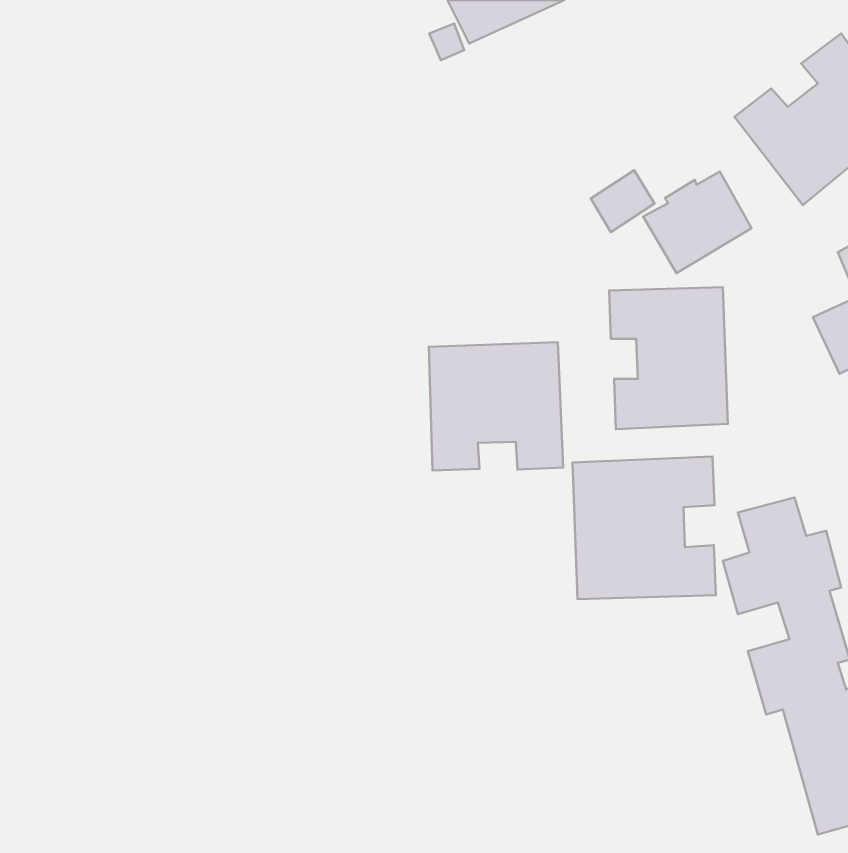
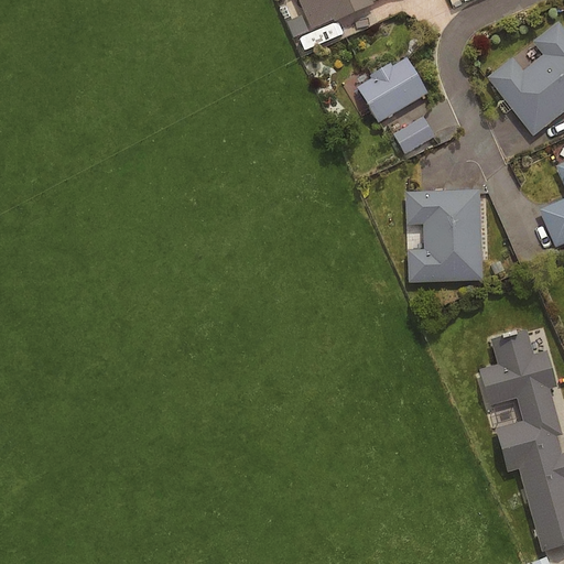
building: [643,171,752,273] -> [357,57,429,124]
building: [429,342,563,471] -> none
building: [572,457,716,599] -> none

